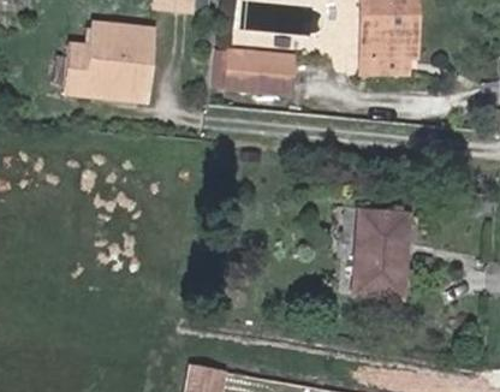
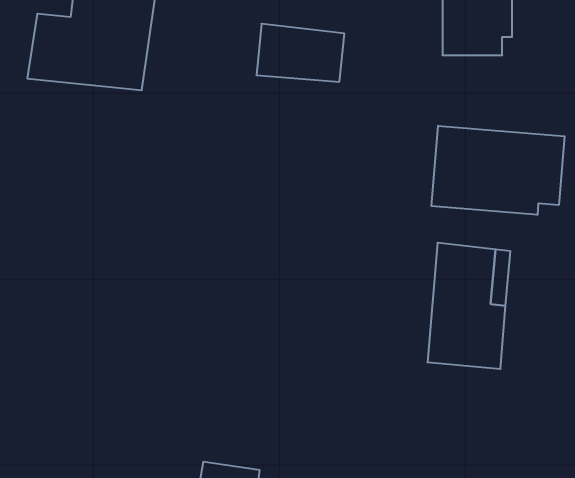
building: none -> [431,126,565,215]

